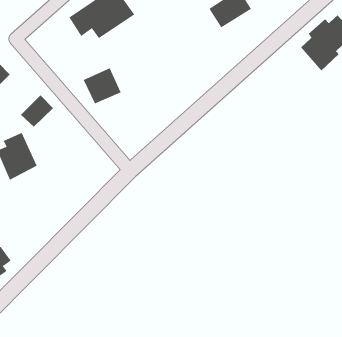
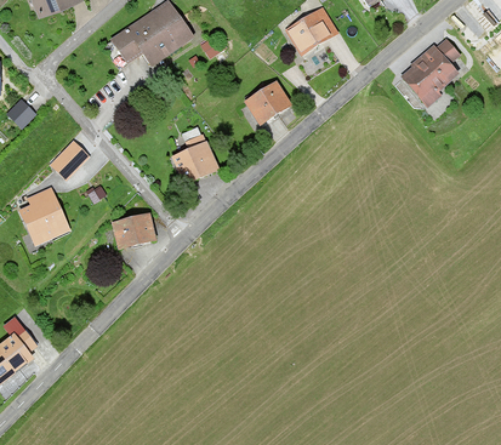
building: none -> [243,81,290,126]
building: [83,67,122,104] -> [171,141,220,187]
building: none -> [112,213,155,246]

